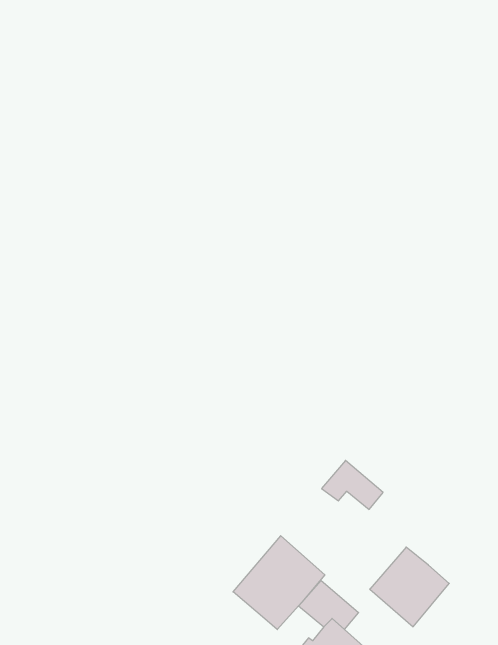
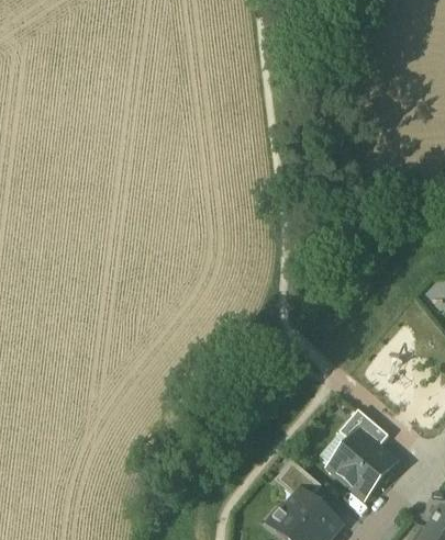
building: [322,460,383,509] -> [338,412,387,450]
building: [233,536,325,630] -> none

